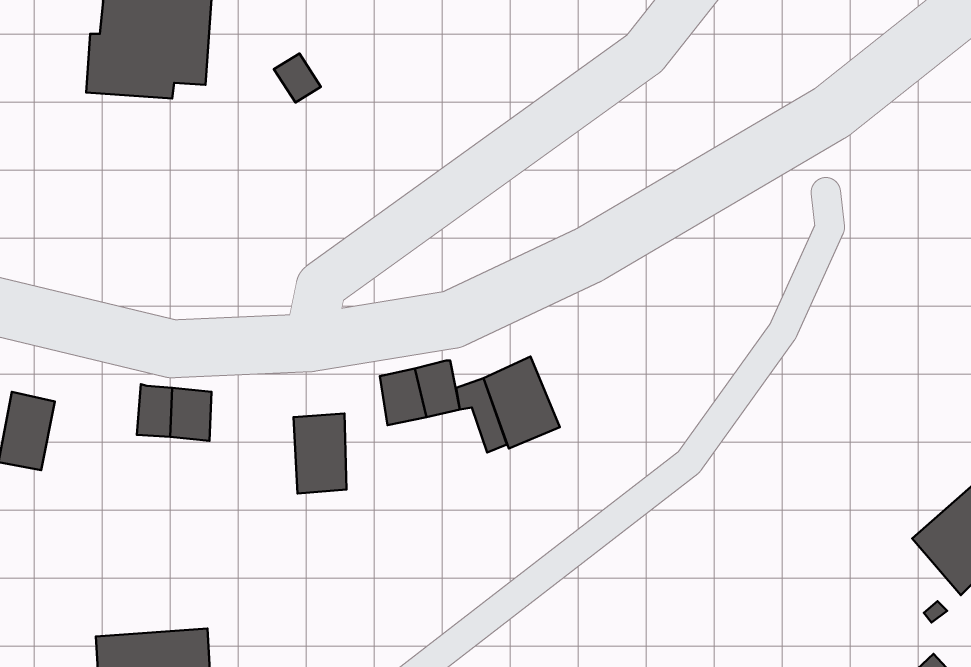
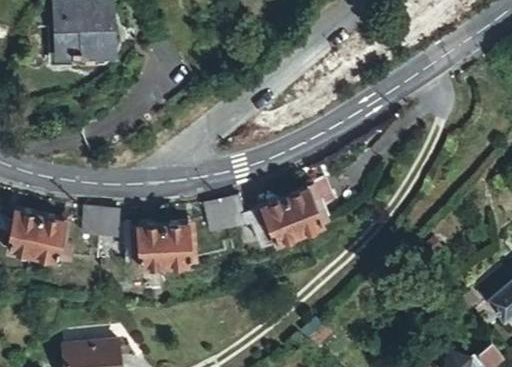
building: none -> [284,185,321,230]
building: none -> [34,217,64,256]
building: none -> [138,225,165,265]

